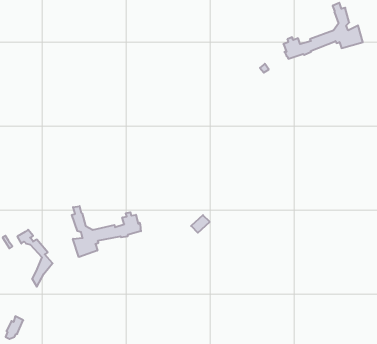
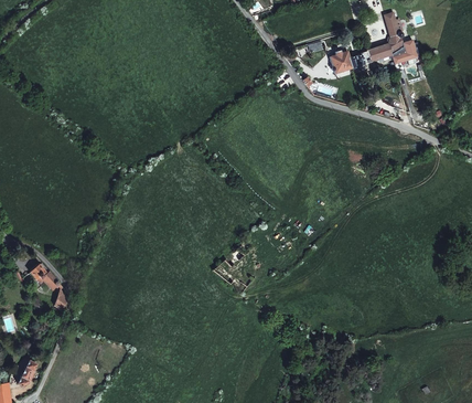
building: [72,206,141,257] -> none

